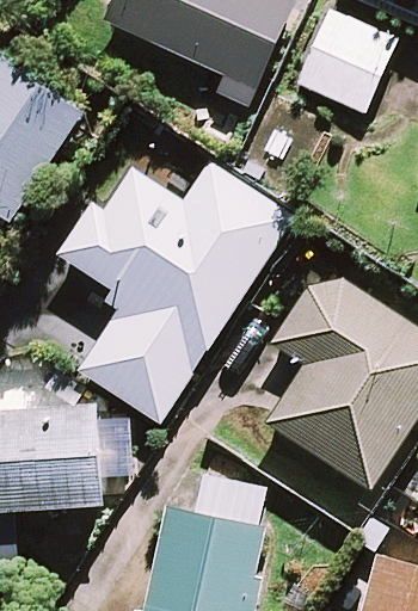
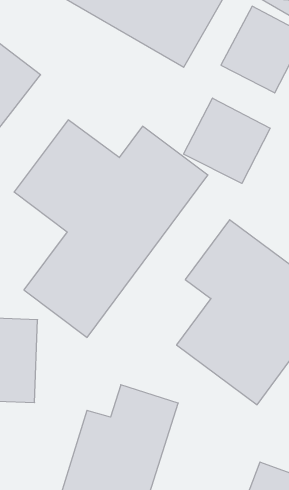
building: none -> [184,98,270,183]

